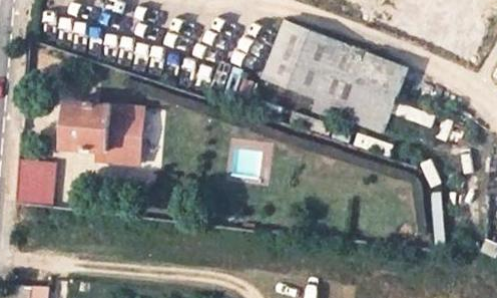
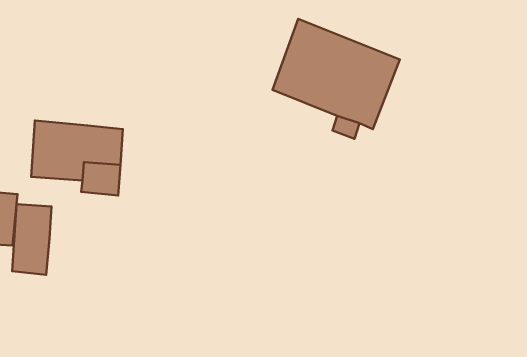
building: [342,52,405,131] -> none
building: none -> [12,204,52,275]

